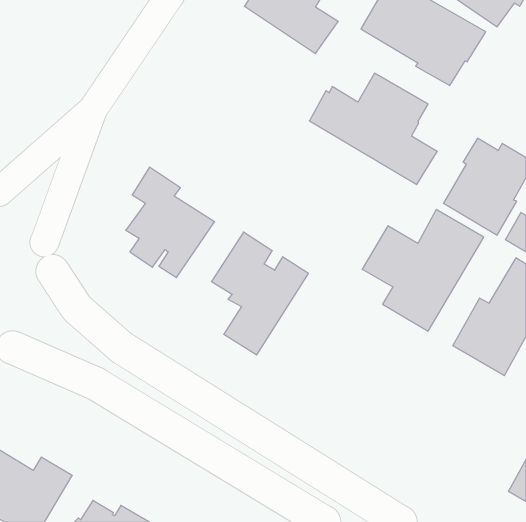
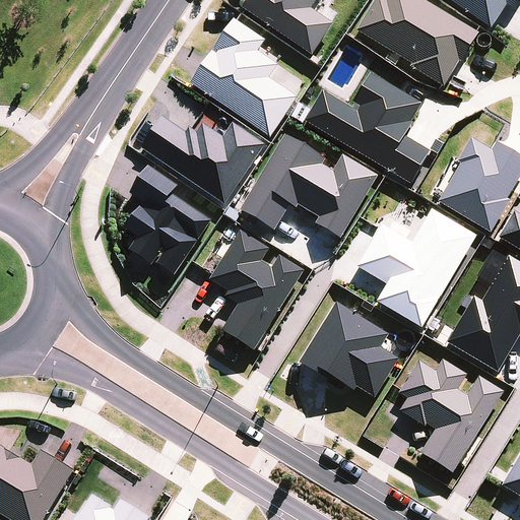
building: none -> [190,17,298,135]
building: none -> [140,115,265,203]
building: none -> [239,134,378,237]
building: none -> [299,300,399,397]
building: none -> [398,356,503,471]

